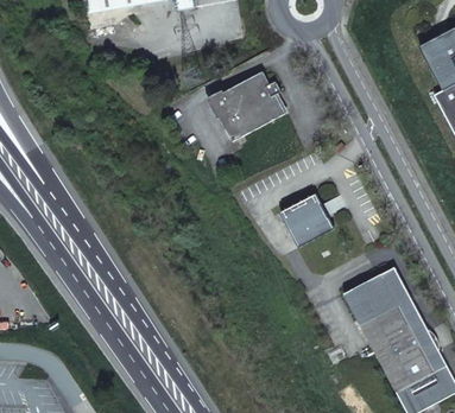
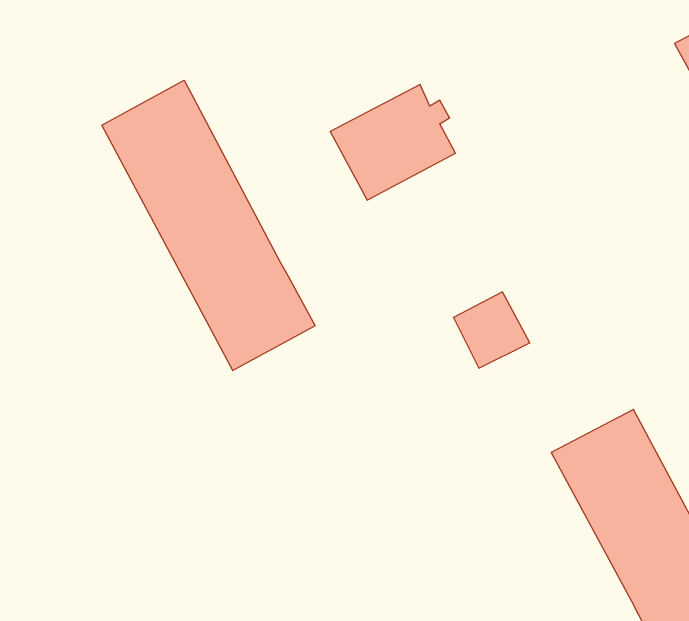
building: none -> [102,80,315,371]

